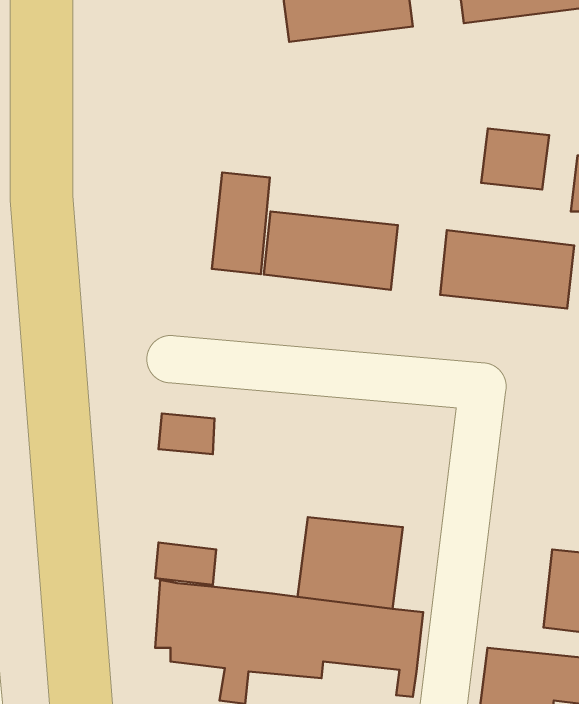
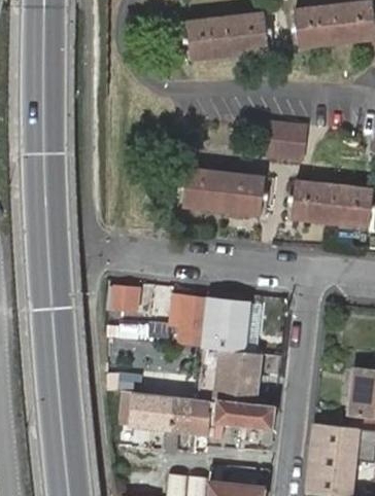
building: [481,128,549,190] -> [259,118,300,155]
building: [212,173,270,274] -> none
building: none -> [173,295,247,350]

